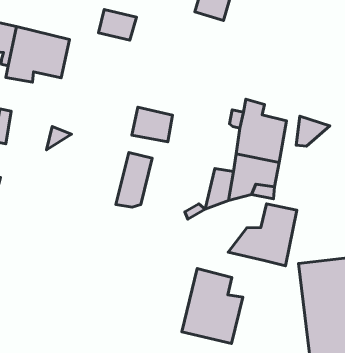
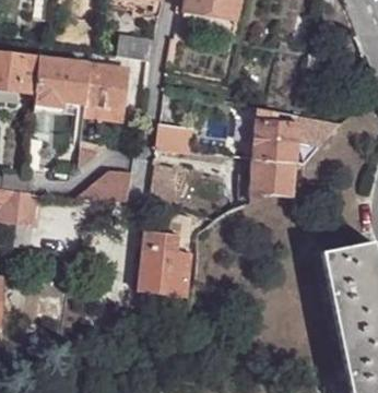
building: none -> [85,66,128,119]
building: none -> [74,170,131,201]
building: [228,204,297,266] -> none
building: [182,268,243,344] -> [138,229,191,296]

